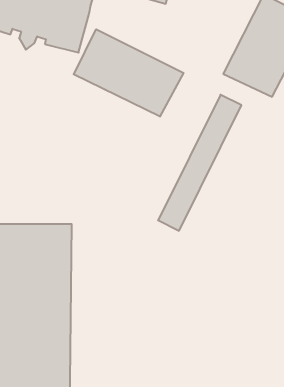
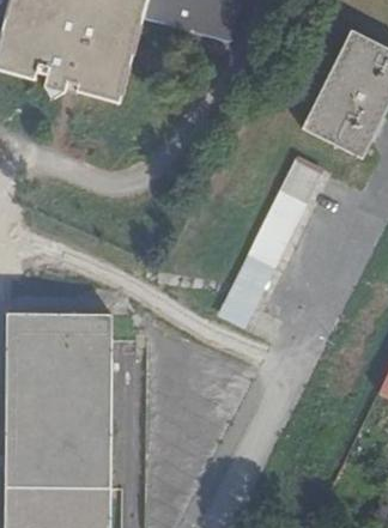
building: [74,29,184,117] -> none

